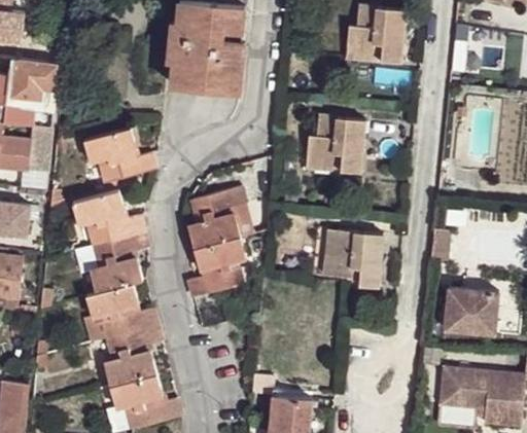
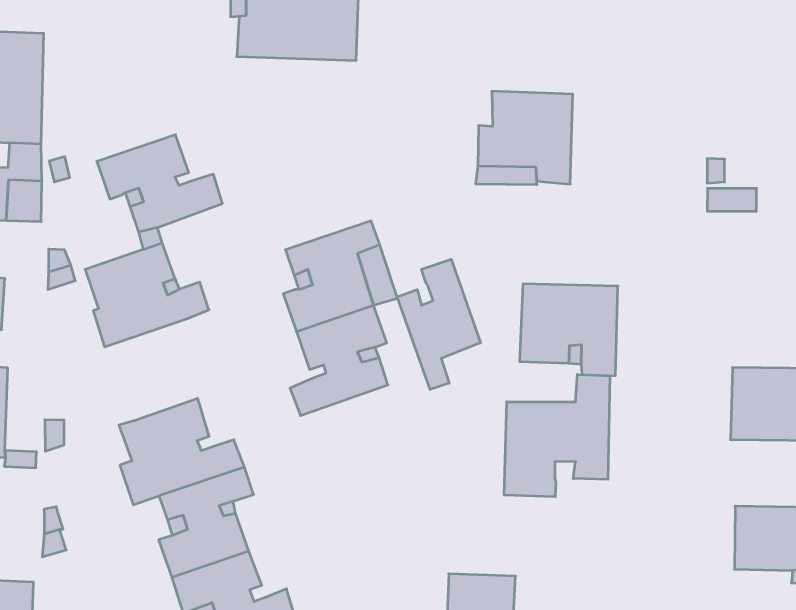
building: none -> [397,259,480,389]
building: [79,231,148,293] -> none
building: none -> [504,374,610,497]

